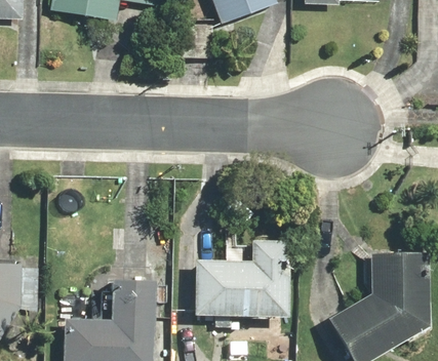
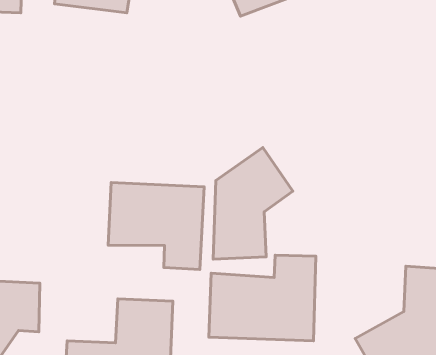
building: none -> [213,148,293,259]
building: none -> [108,182,204,270]

